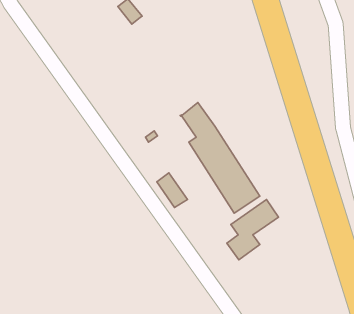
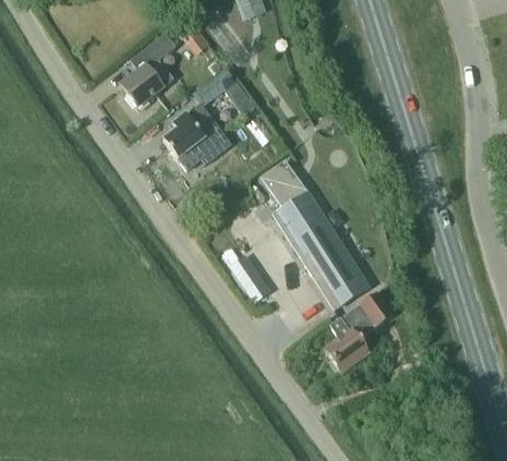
building: none -> [120,32,177,107]
building: none -> [164,73,255,169]

